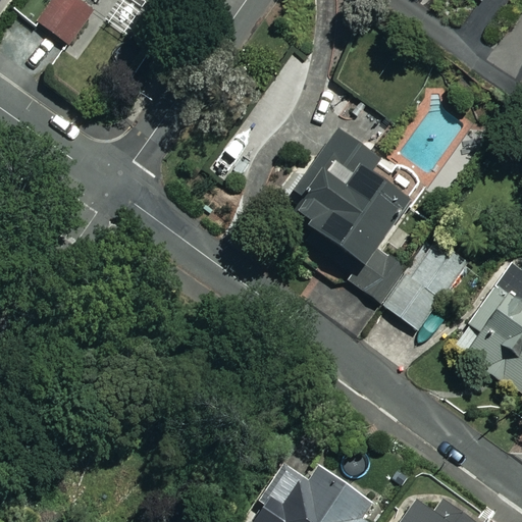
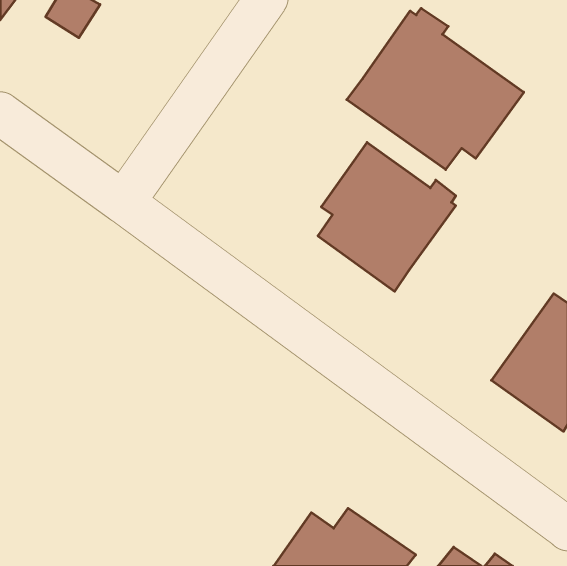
building: none -> [347,8,524,170]
building: [352,243,463,331] -> none

